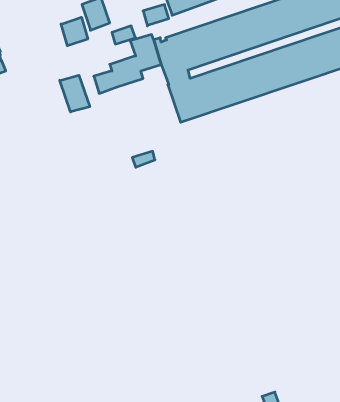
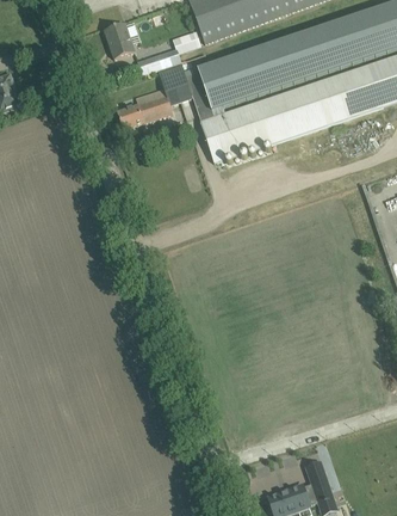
building: [61,17,88,46] -> none
building: [60,75,90,112] -> none

